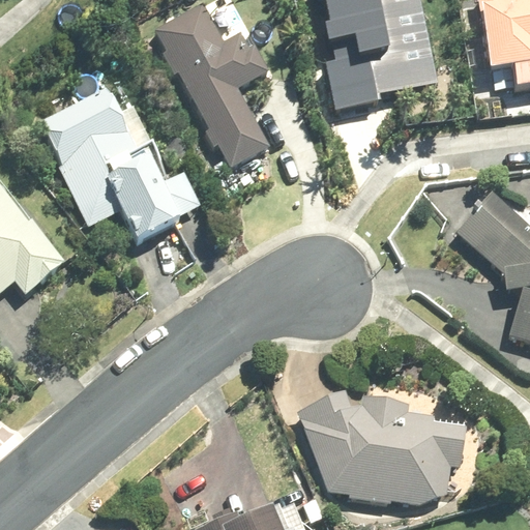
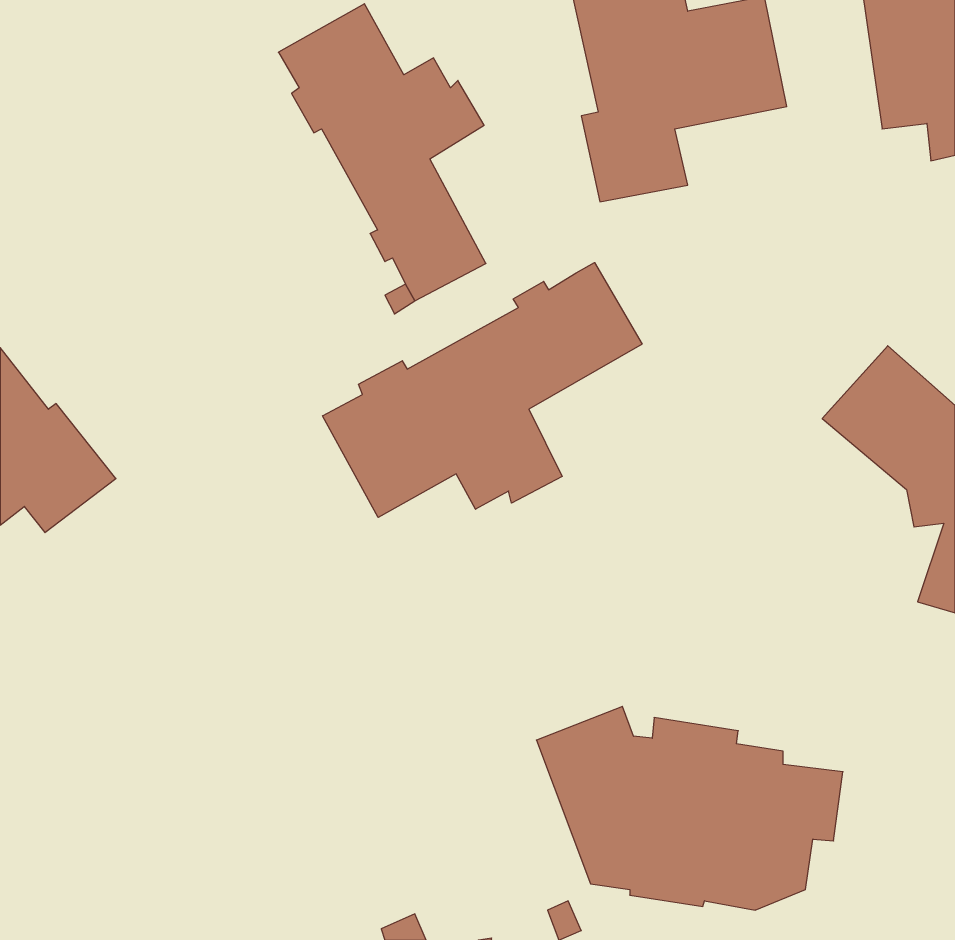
building: [38,86,207,242] -> none
building: none -> [323,263,642,517]

